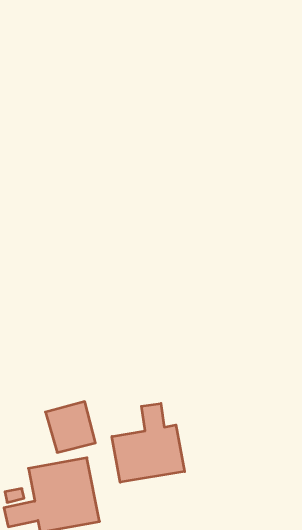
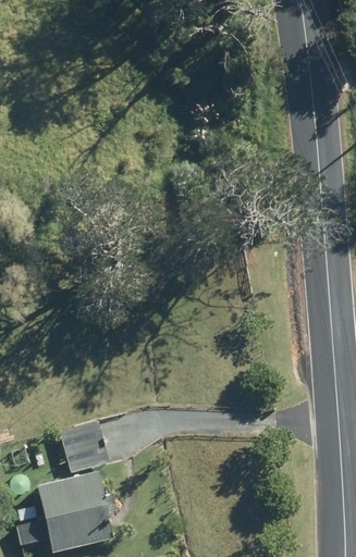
building: [112,403,185,482] -> none

